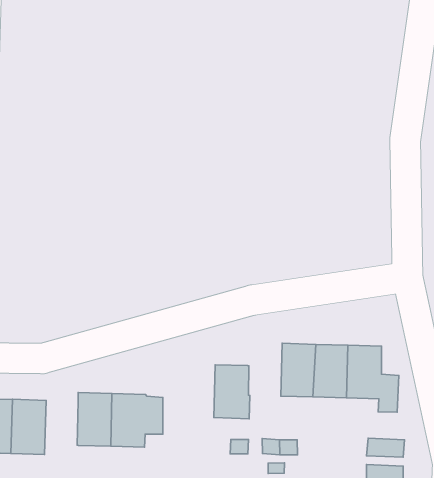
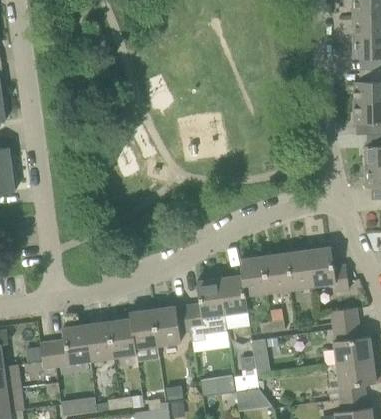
building: none -> [239,257,267,296]
building: none -> [187,279,227,343]
building: none -> [108,319,136,359]

